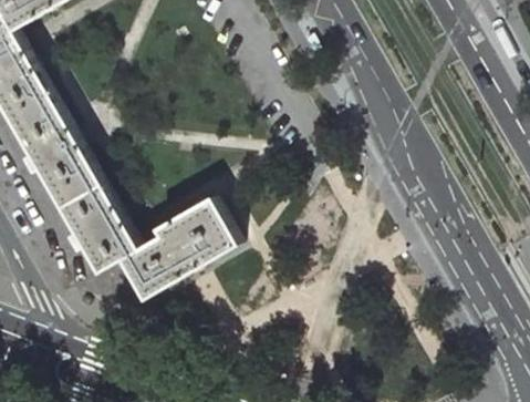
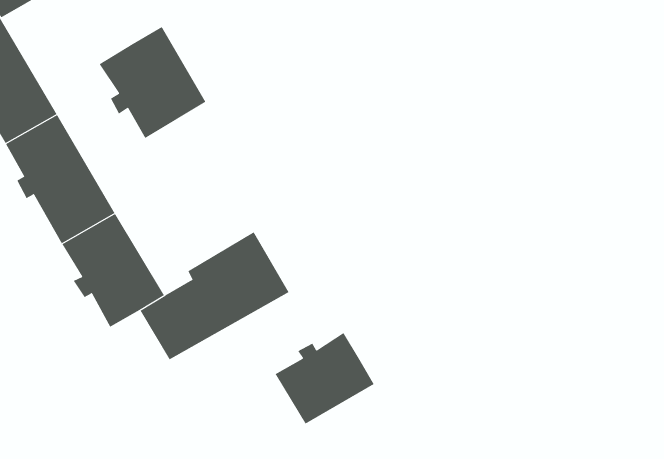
building: none -> [99,26,206,139]
building: none -> [275,332,374,425]

